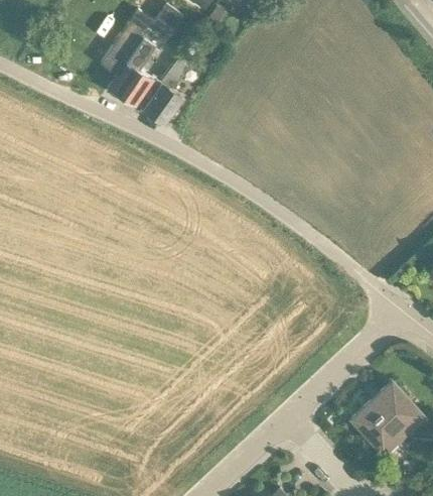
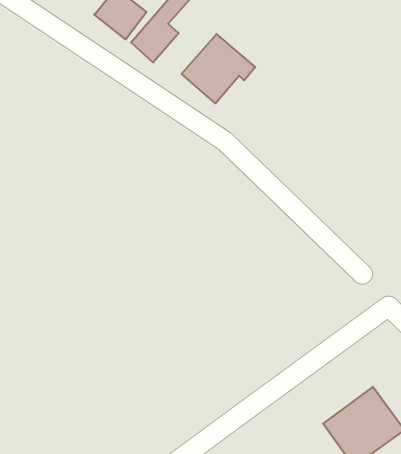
building: none -> [182,34,255,103]

